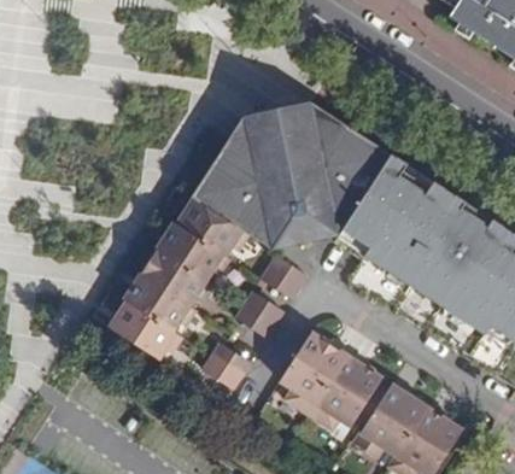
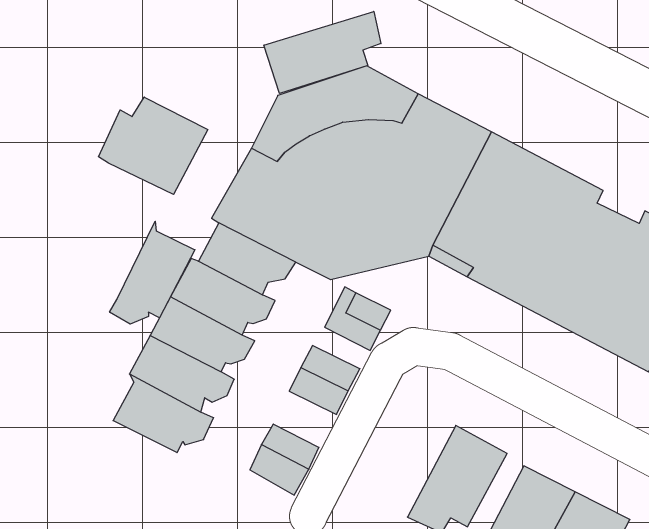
building: none -> [264,11,381,93]
building: none -> [99,97,208,194]
building: none -> [110,221,195,324]
building: [276,330,345,415] -> none

